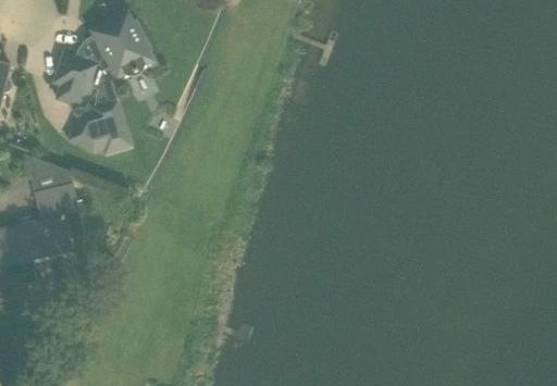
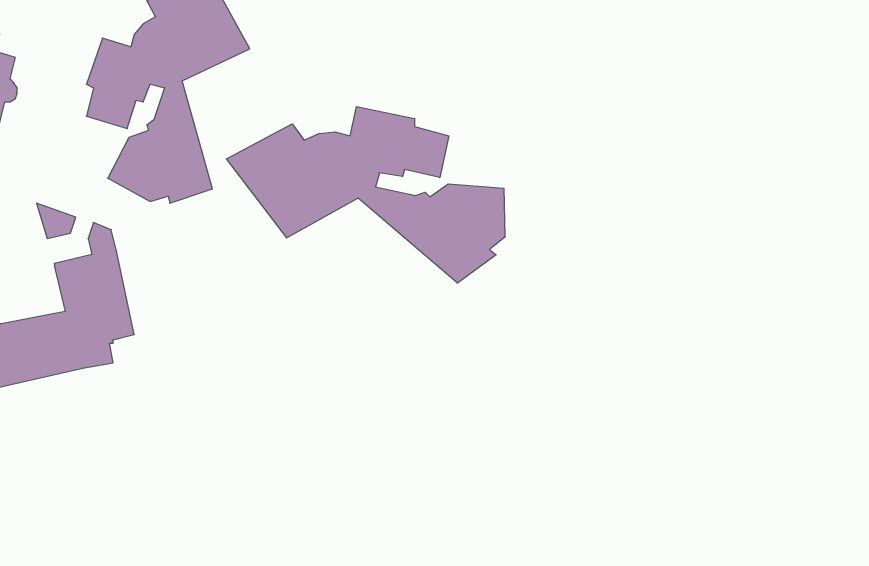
building: none -> [227,107,505,283]

